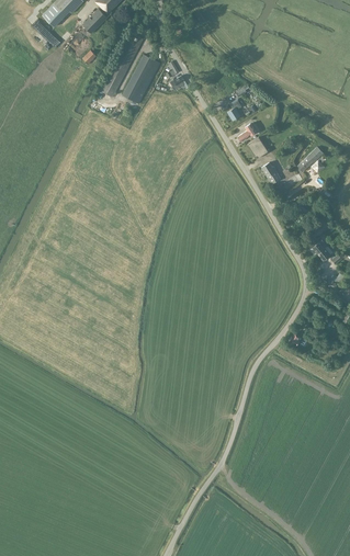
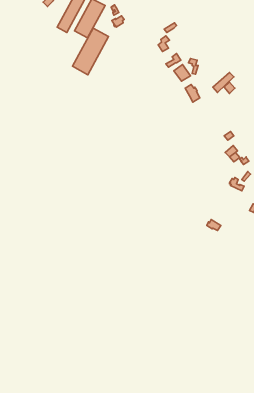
building: none -> [72,28,109,75]

